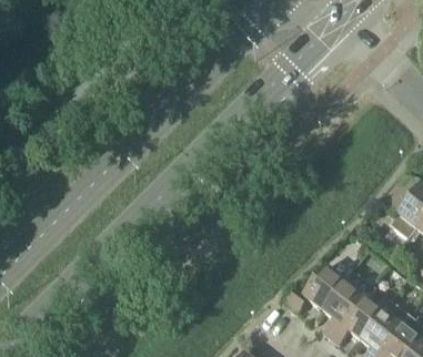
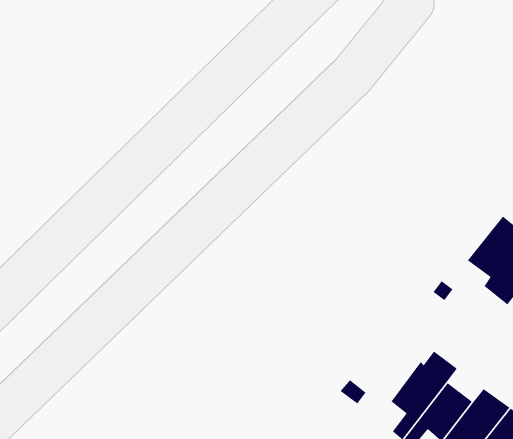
building: [305,267,346,312] -> none

